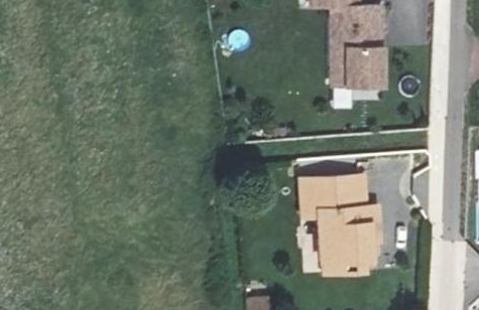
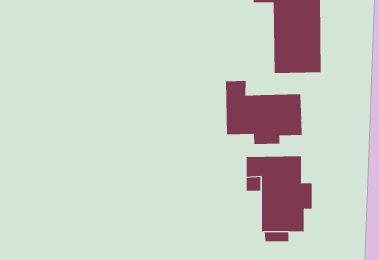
building: none -> [226,80,302,145]

